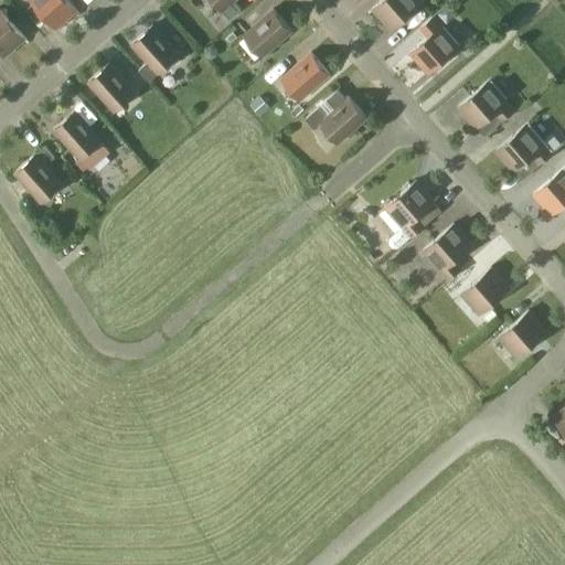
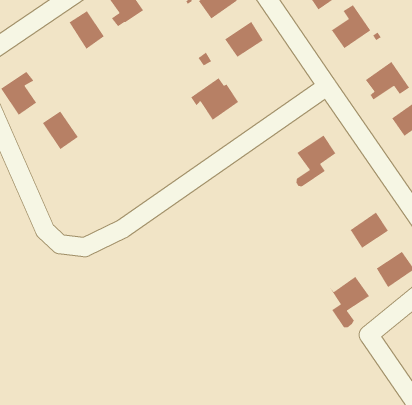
building: [306,92,366,146] -> [190,77,239,121]
building: [53,113,100,161] -> [42,111,79,150]
building: [418,225,477,281] -> none
building: none -> [330,276,372,328]

